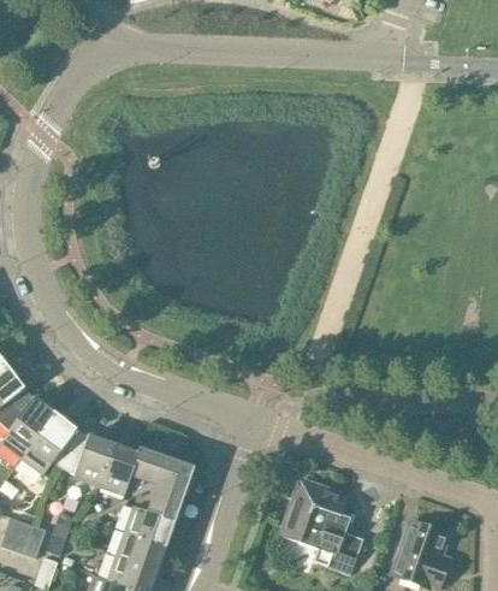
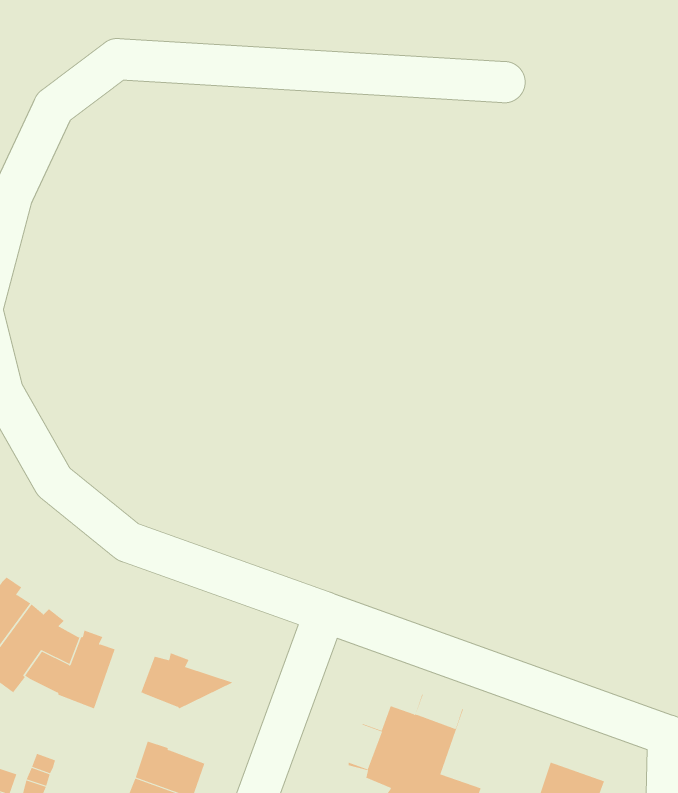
building: [97,443,138,494] -> none
building: [148,467,192,522] -> none

